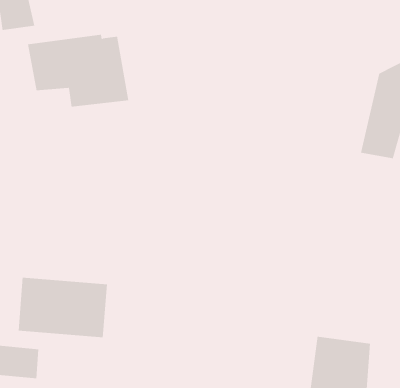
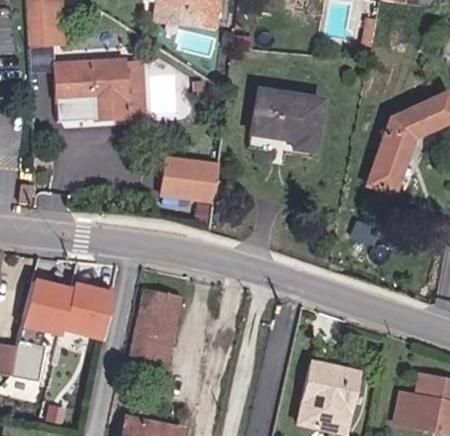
building: none -> [250,86,321,152]
building: none -> [157,157,219,205]
building: none -> [132,288,182,362]

